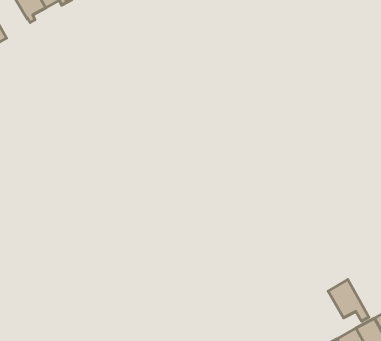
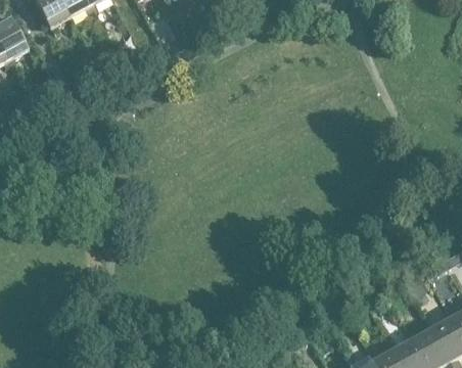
building: [328,280,369,321] -> none

